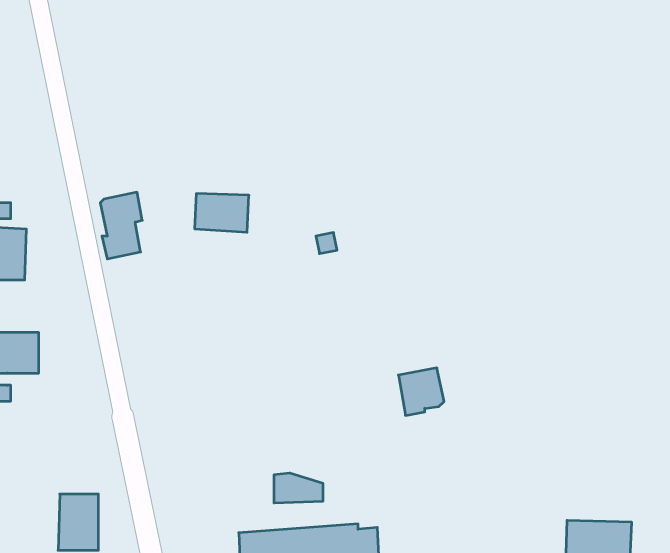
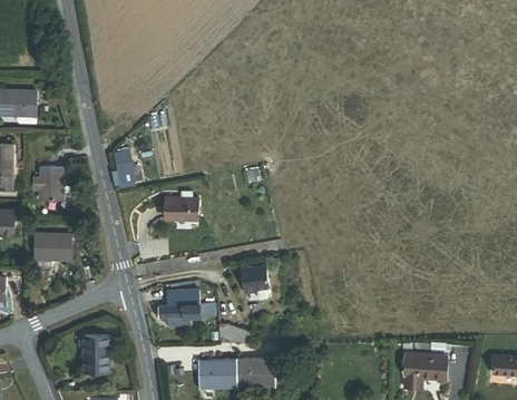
building: [195,194,249,232] -> [166,197,201,222]
building: [398,368,444,415] -> [241,265,270,295]
building: none -> [153,287,215,326]

